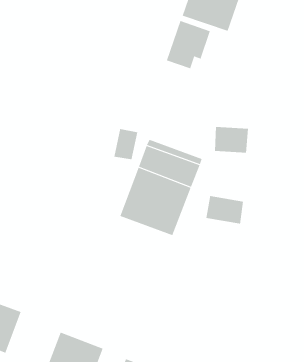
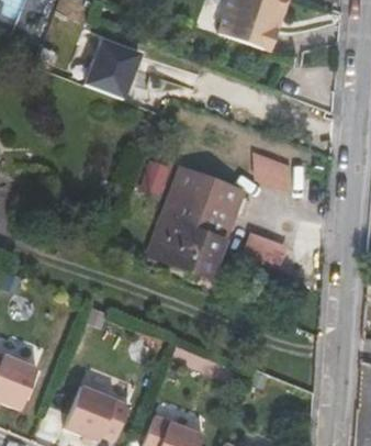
building: [166,20,211,69] -> none
building: none -> [87,41,142,100]

